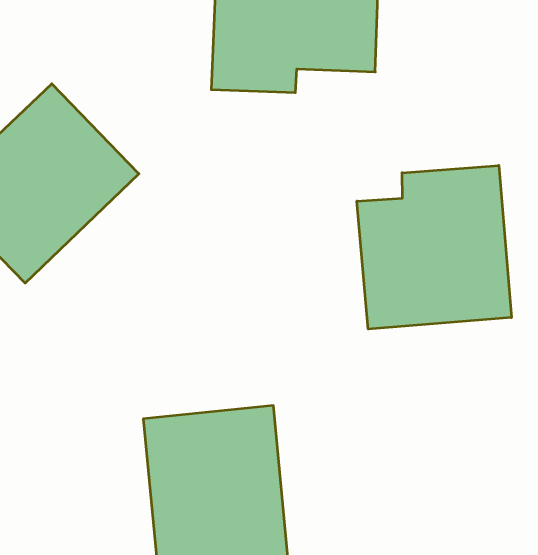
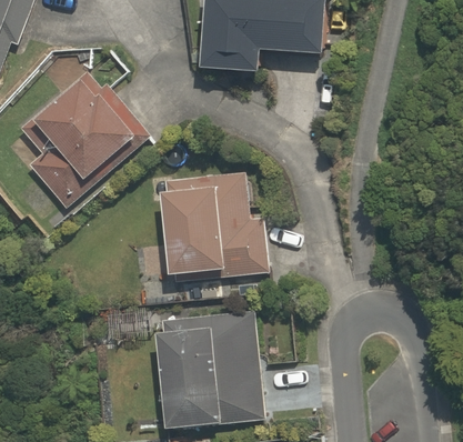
building: [357,165,511,329] -> none
building: none -> [161,171,268,303]

